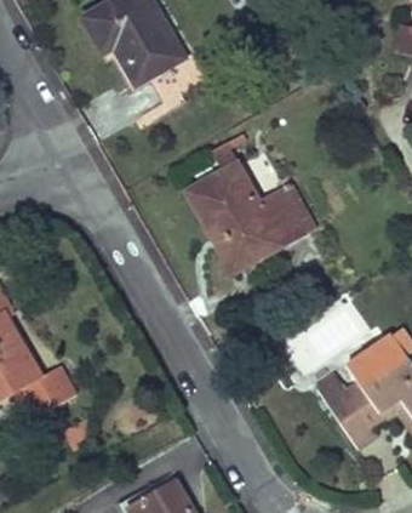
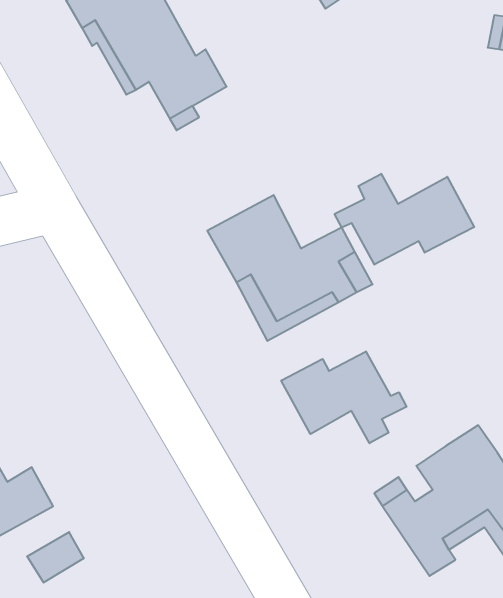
building: none -> [335,174,474,265]
building: none -> [281,351,407,443]

